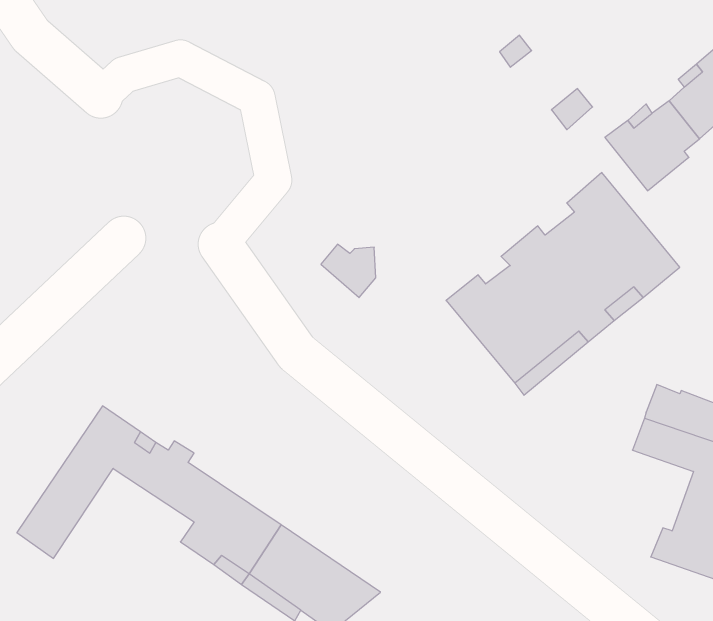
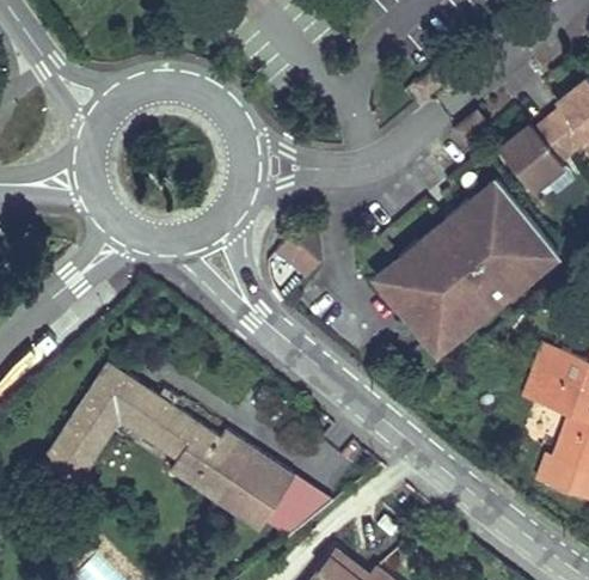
building: none -> [69,410,179,484]

